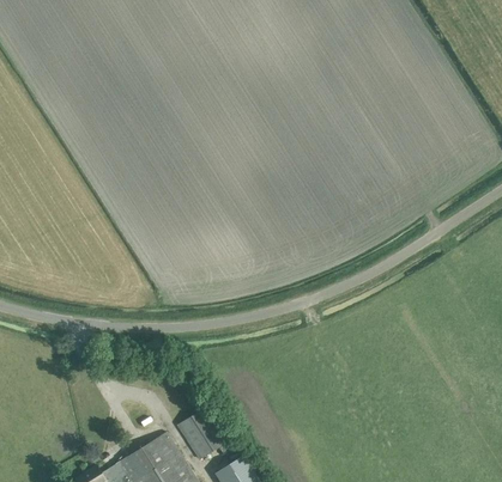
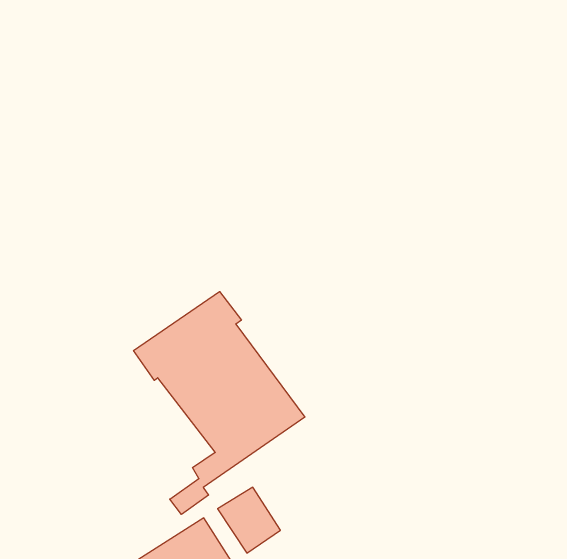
building: none -> [134,292,305,514]

